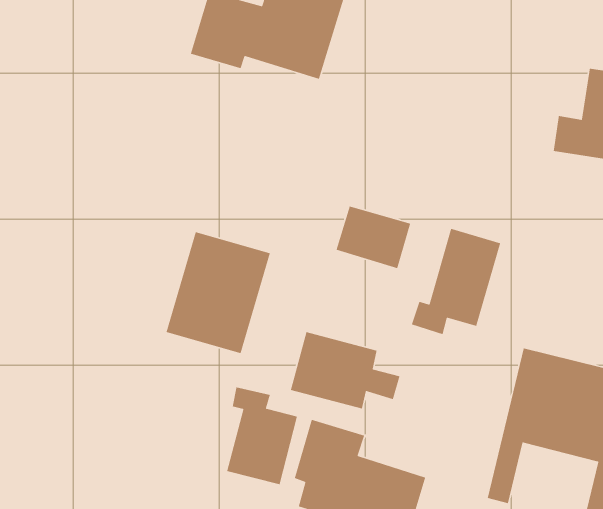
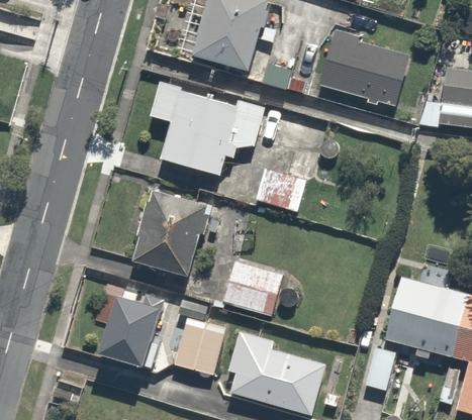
building: none -> [319,30,409,107]
building: none -> [149,80,272,178]
building: [411,228,501,335] -> none
building: none -> [94,284,168,369]

